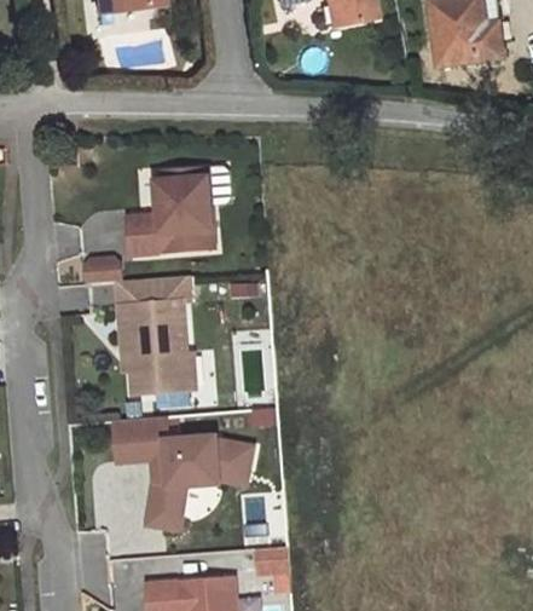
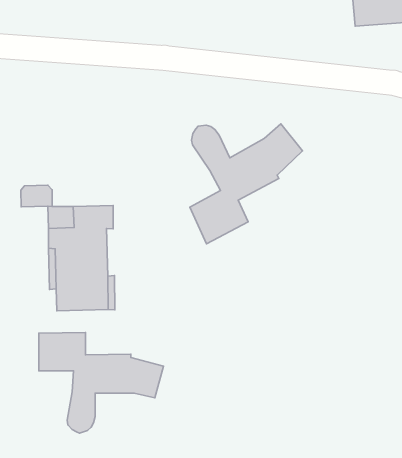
building: [128,168,215,255] -> none
building: none -> [190,124,303,244]

